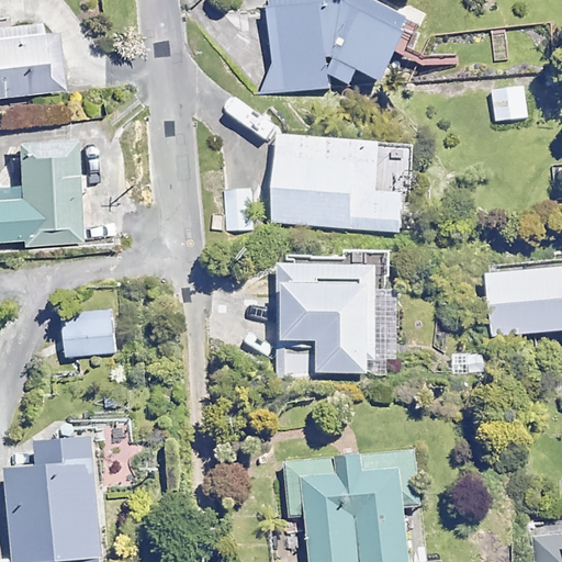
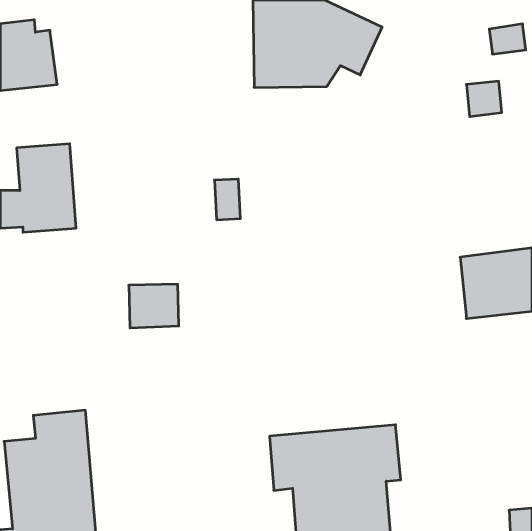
building: [257,134,418,234] -> none
building: [277,249,395,373] -> none
building: [61,310,114,356] -> [129,284,179,328]

